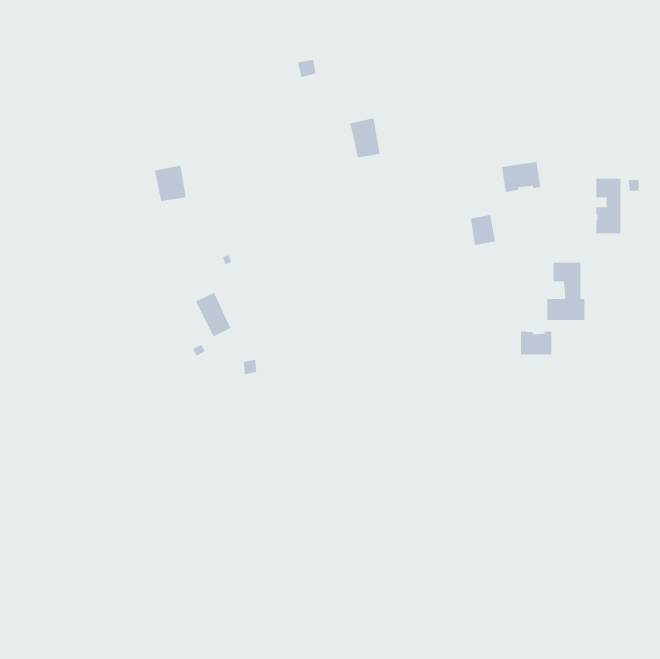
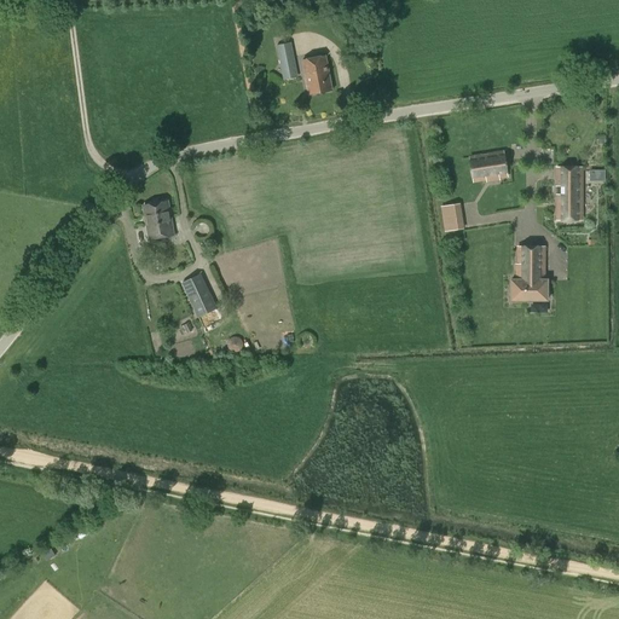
building: [350,118,381,158] -> [302,56,331,93]
building: [154,165,186,202] -> [144,203,174,237]
building: [520,331,552,355] -> none

